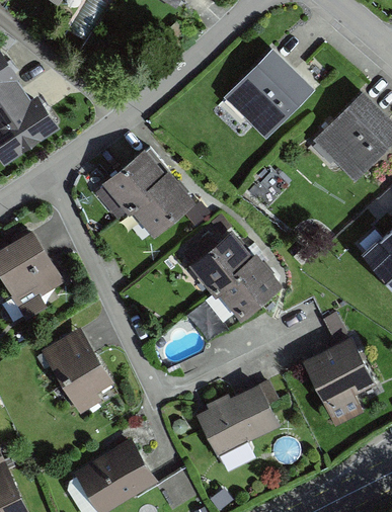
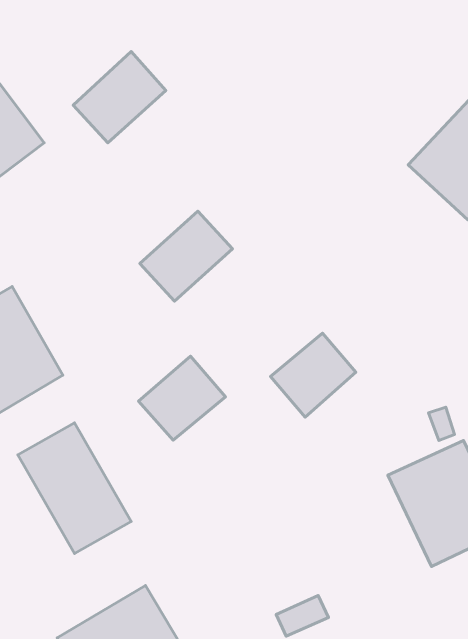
building: [225,48,315,136] -> none
building: [100,150,165,214] -> [73,51,166,143]
building: [191,234,252,292] -> [138,356,225,440]
building: [198,381,282,454] -> none

